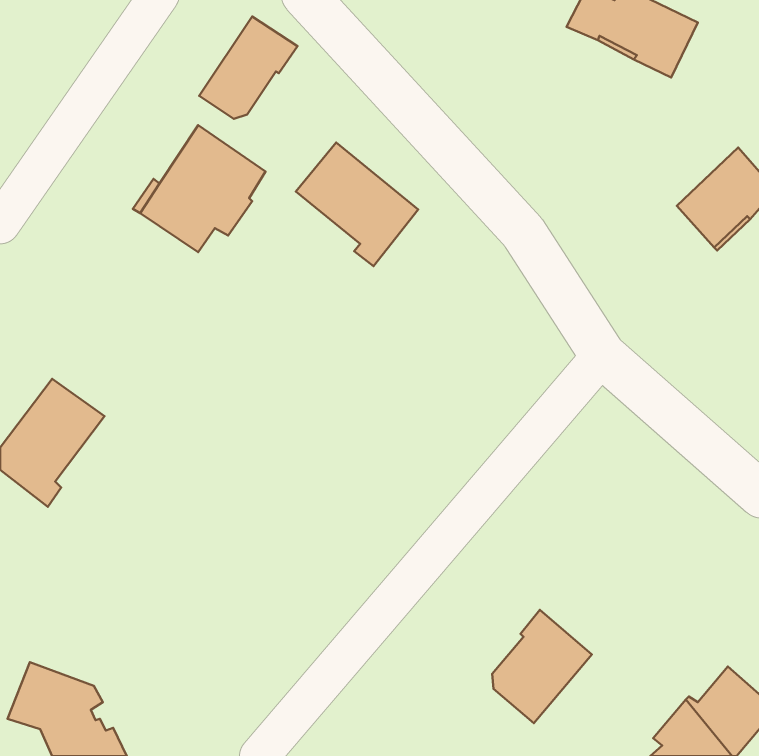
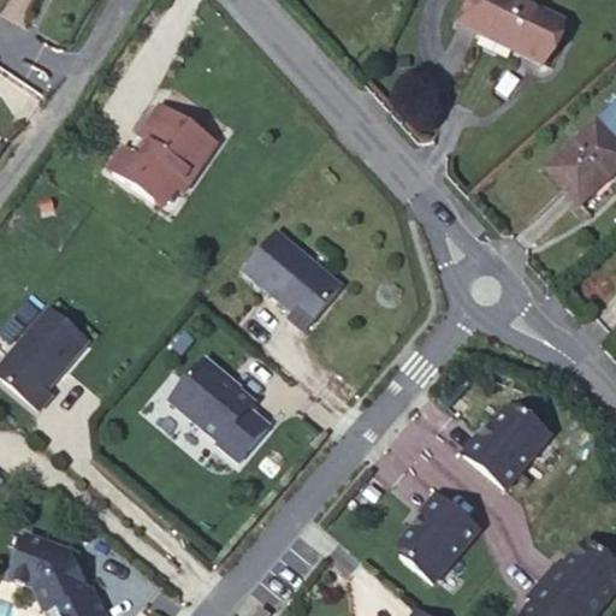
building: [199,16,297,119] -> none
building: [296,142,418,266] -> [243,230,342,330]
building: none -> [172,357,270,460]
building: none -> [466,404,553,487]

